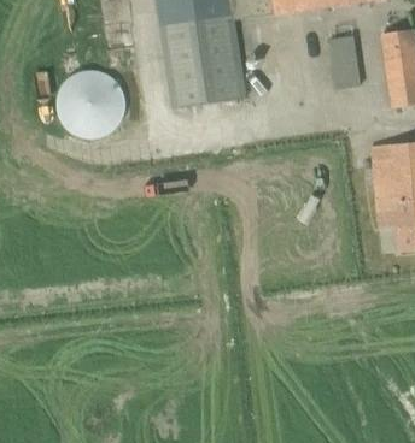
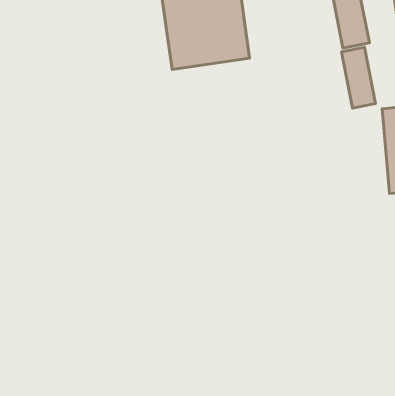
building: [57,70,125,140] -> none
building: none -> [342,47,375,108]

